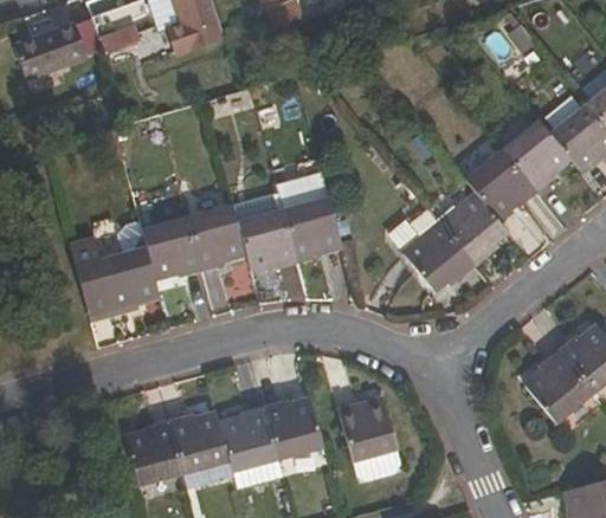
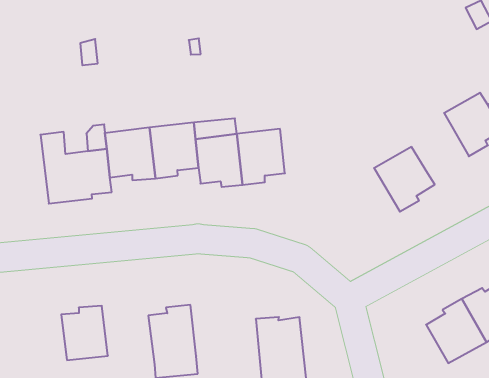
building: [466,150,539,219] -> none
building: [401,222,473,290] -> none
building: [263,397,324,458] -> none
building: [167,410,234,487] -> none

